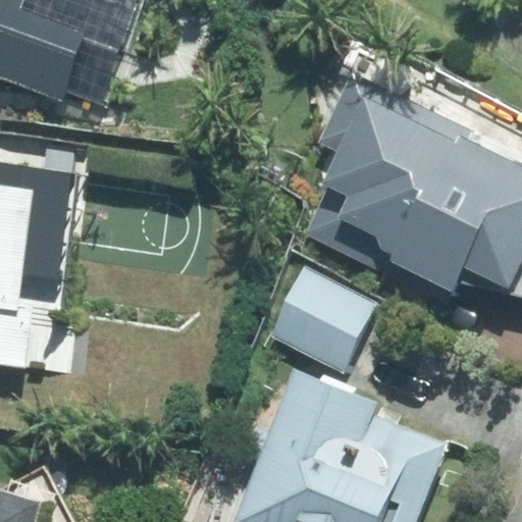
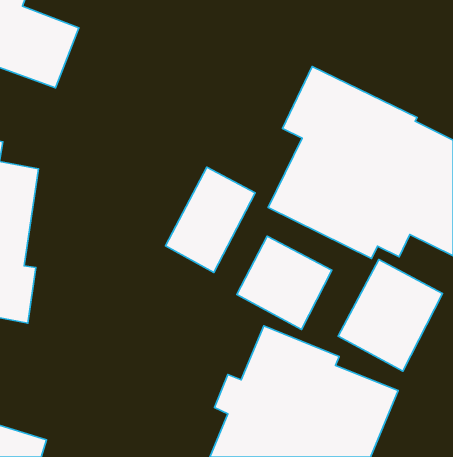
building: none -> [165,167,255,273]
building: none -> [338,260,443,371]

